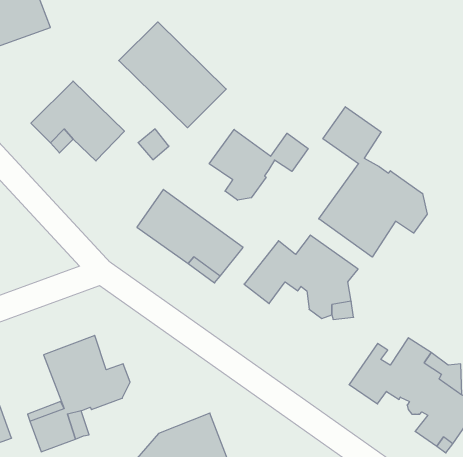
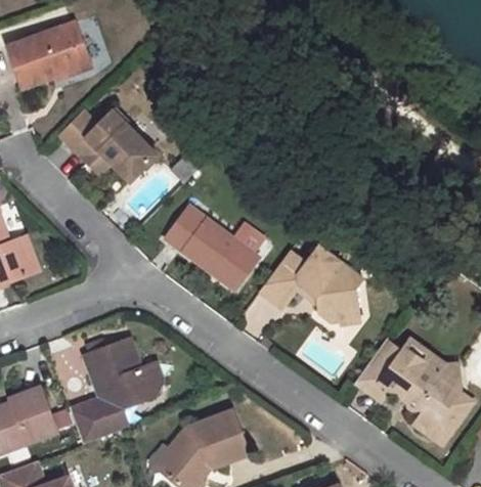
building: [119,22,226,128] -> none
building: [319,107,427,257] -> none
building: [209,129,308,200] -> none

